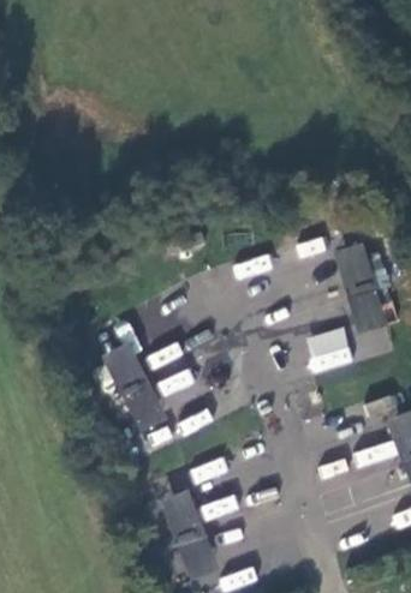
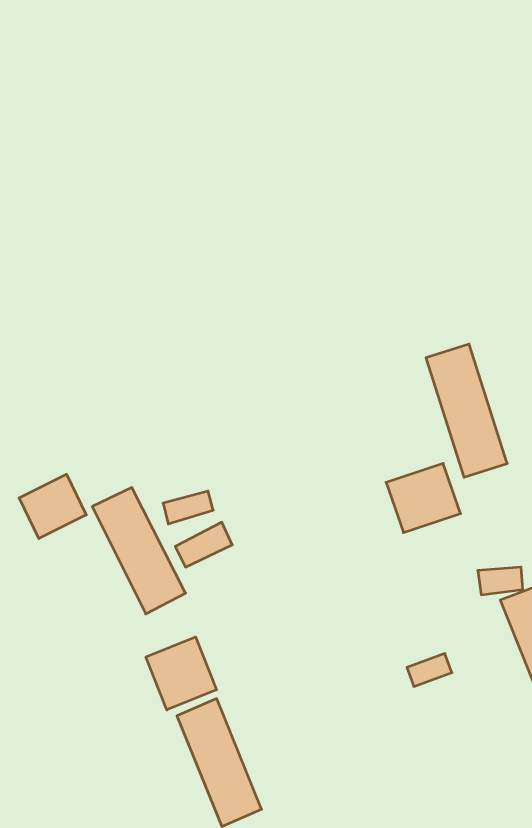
building: none -> [19,474,86,539]
building: none -> [146,637,216,710]

